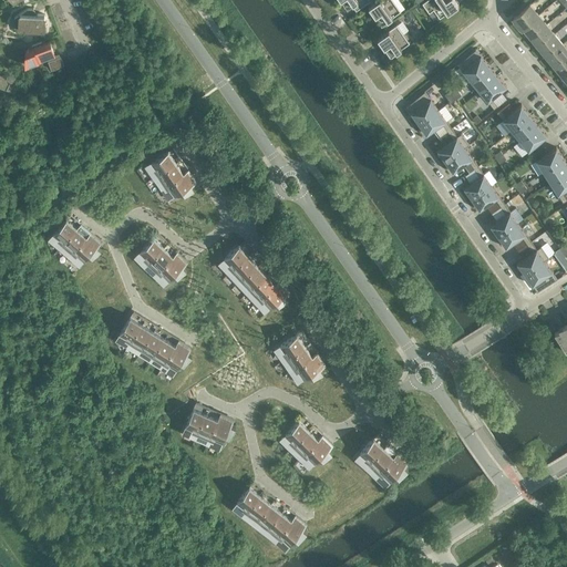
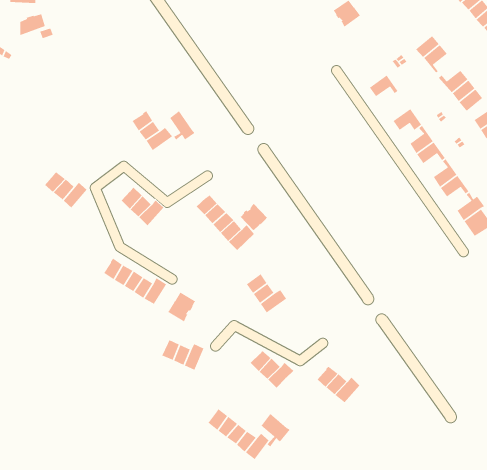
building: [456,52,488,84] -> none
building: [405,94,437,127] -> none
building: [436,132,468,165] -> none
building: none -> [169,110,196,141]
building: none -> [240,203,268,232]
building: none -> [167,291,196,322]
building: none -> [260,413,291,447]

